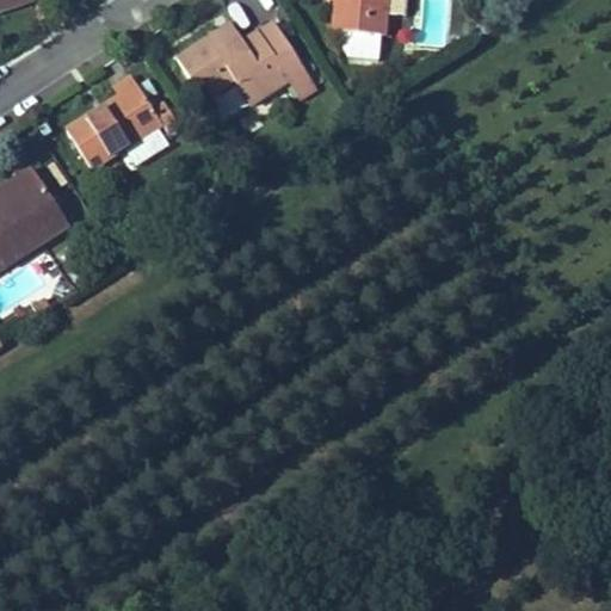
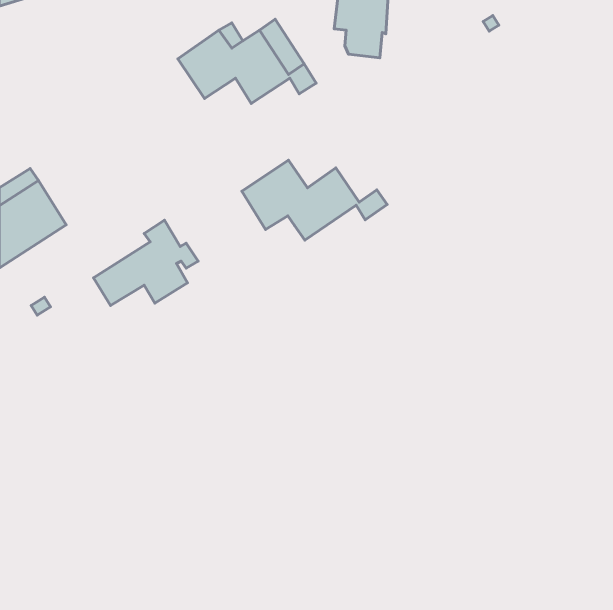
building: [74,81,178,166] -> [94,220,198,306]
building: none -> [242,160,387,240]

